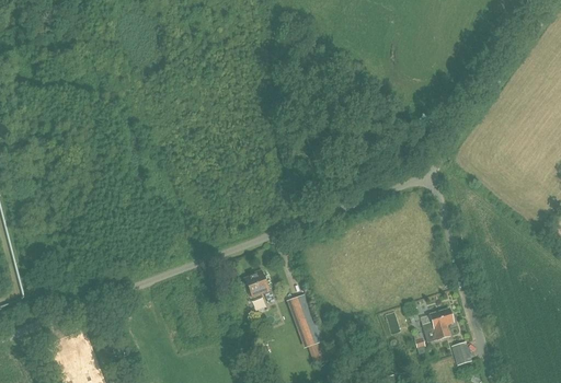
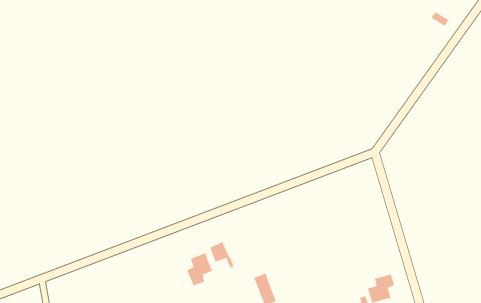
building: none -> [186,252,213,287]

